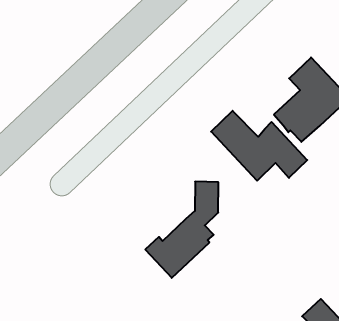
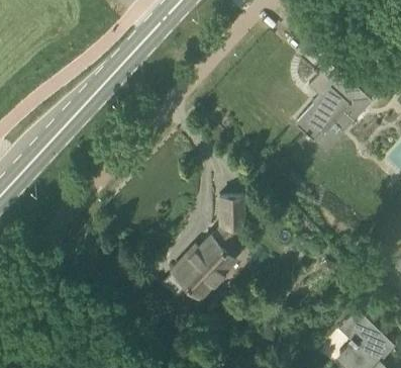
building: [211,111,307,181] -> none

